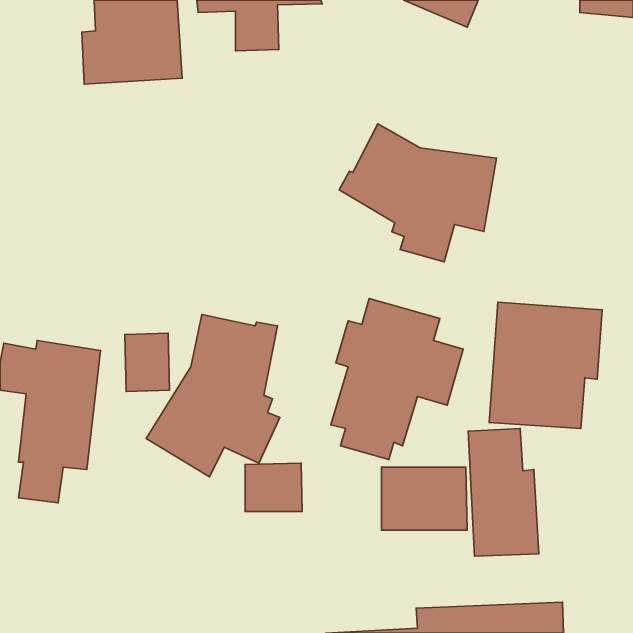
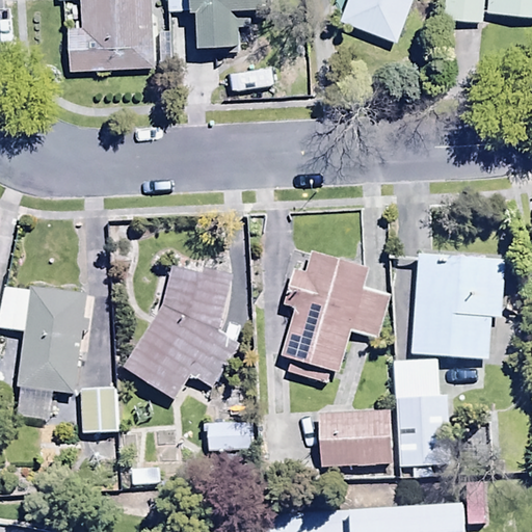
building: [339,124,497,262] -> none
building: [125,333,169,391] -> [80,364,117,413]

